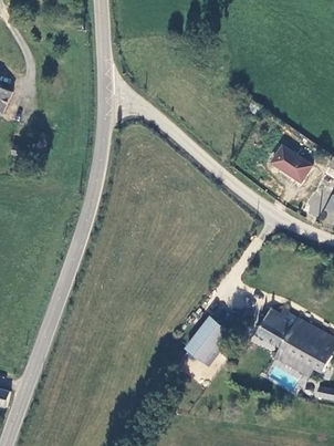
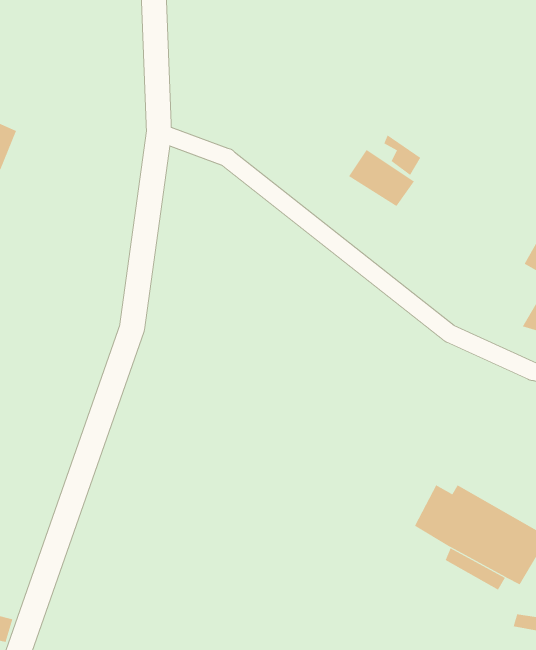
building: [270,146,311,181] -> [348,149,415,207]
building: [184,318,231,365] -> none

